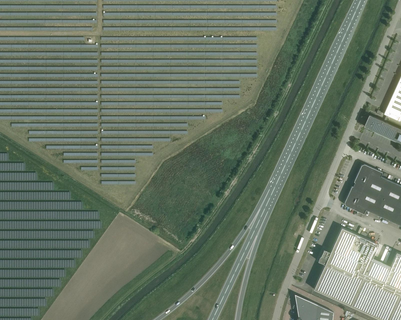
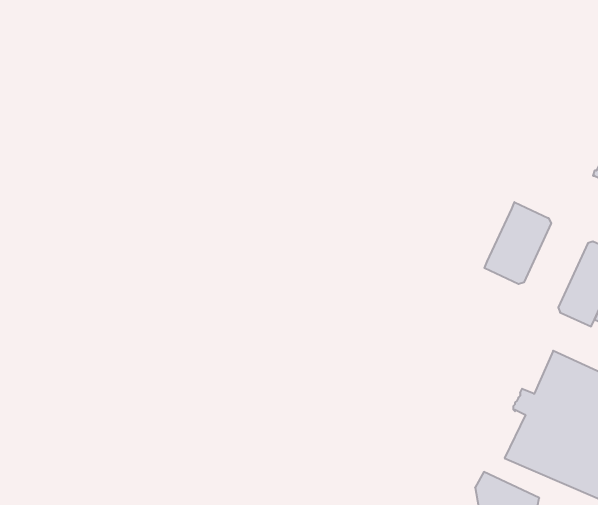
building: none -> [484,202,551,284]

